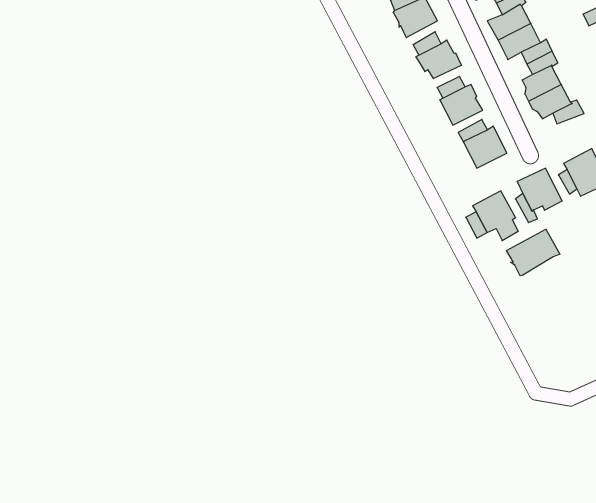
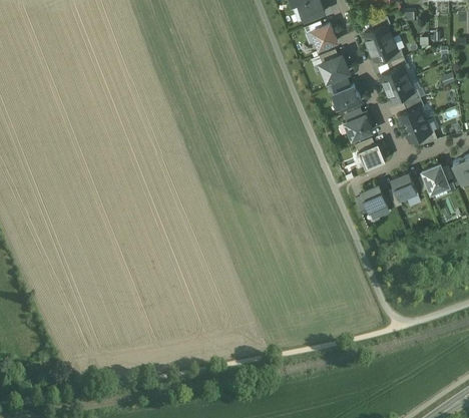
building: [506,229,560,276] -> none

